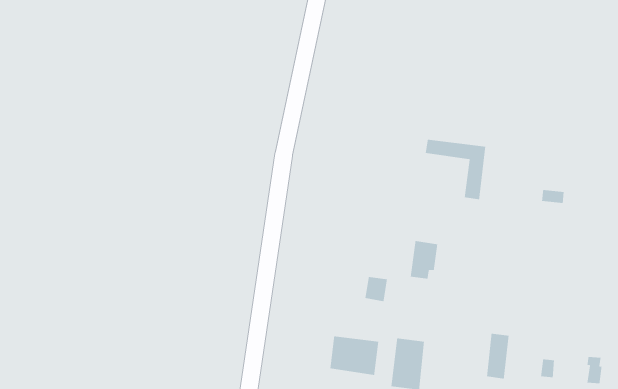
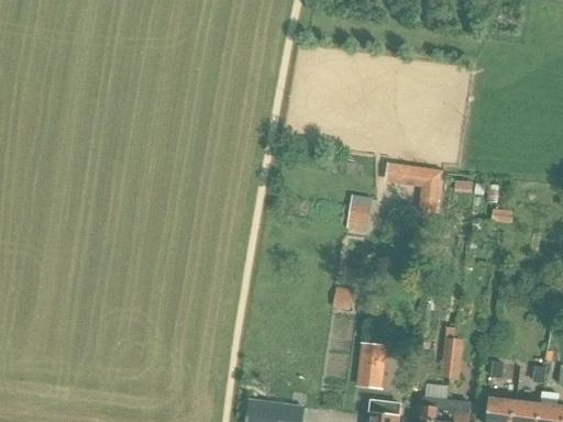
building: [410,240,438,280] -> [347,195,373,230]
building: [330,335,379,376] -> none

